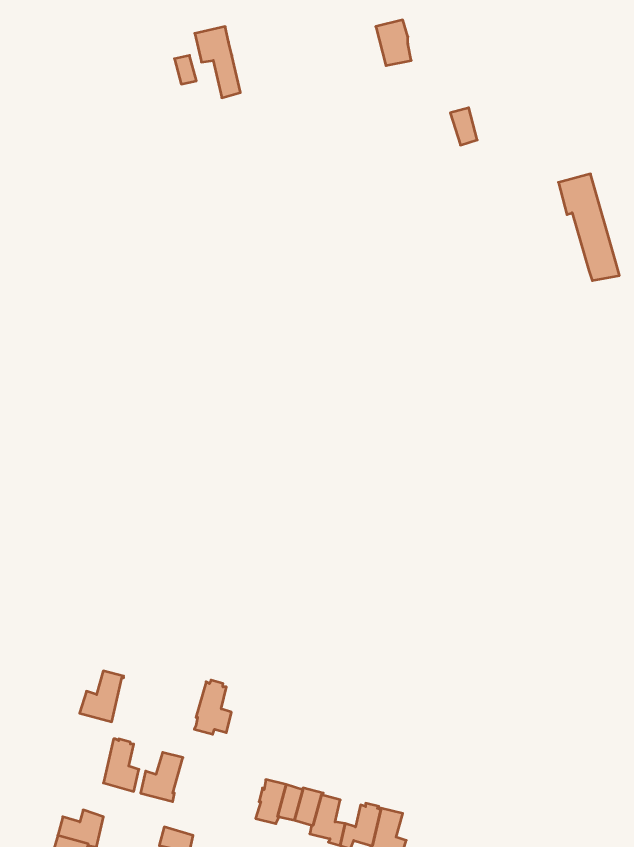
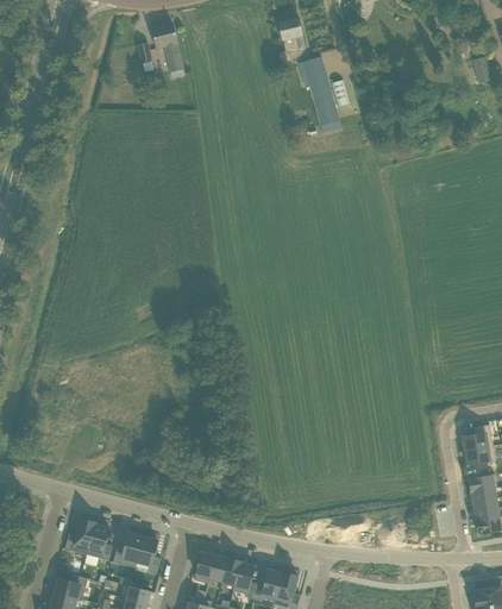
building: [558,174,619,281] -> [299,58,341,133]
building: [80,671,124,722] -> [64,520,95,555]
building: [194,680,231,734] -> [134,536,161,575]

